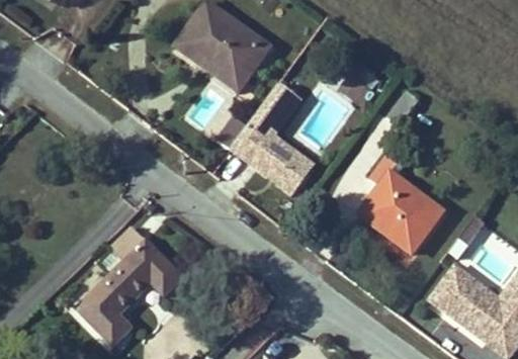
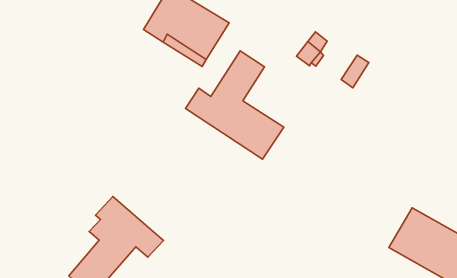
building: [358,151,441,252] -> none

